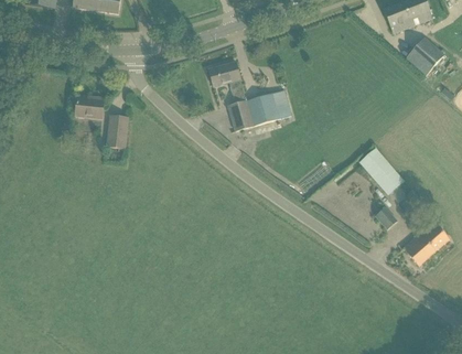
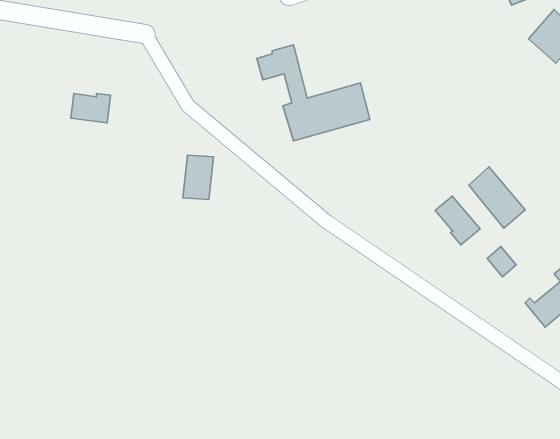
building: [107,116,129,148] -> [183,155,213,199]
building: none -> [435,196,480,245]

